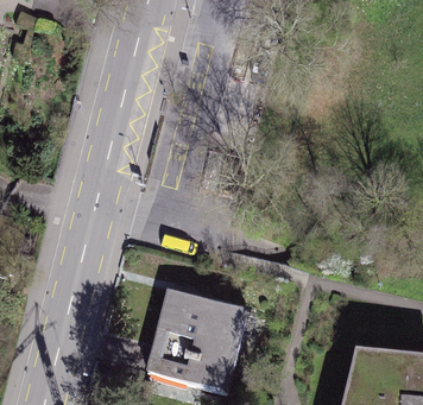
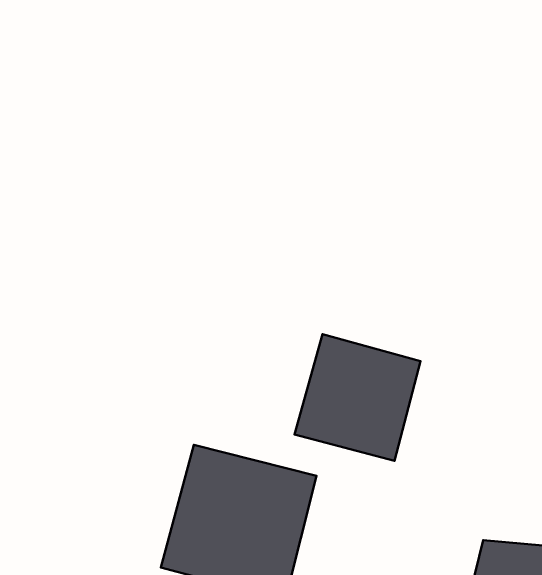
building: none -> [294,334,421,461]

